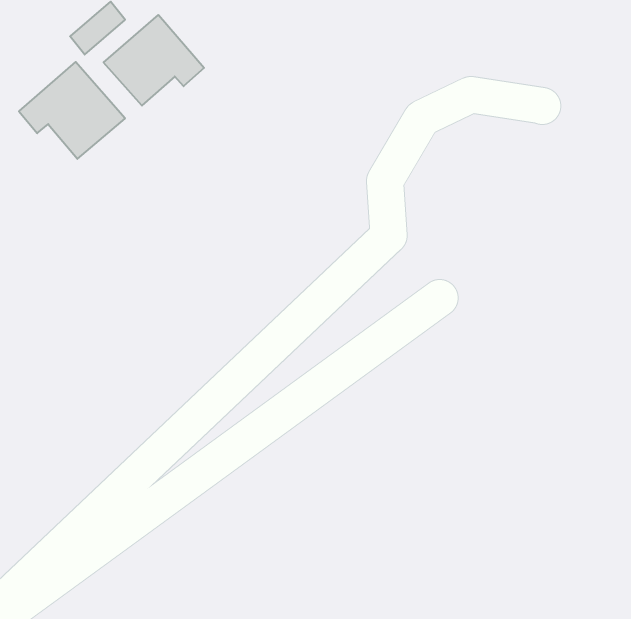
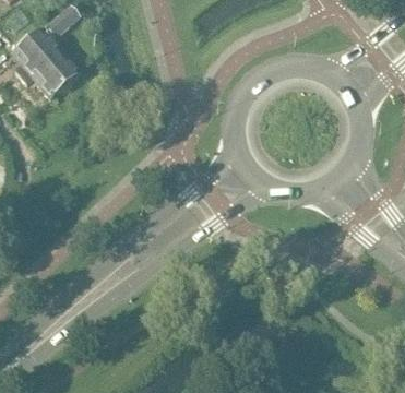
building: [104,15,204,106] -> none

